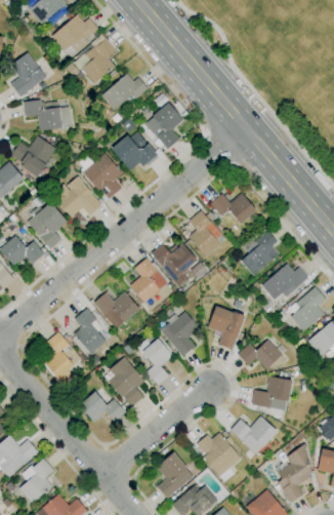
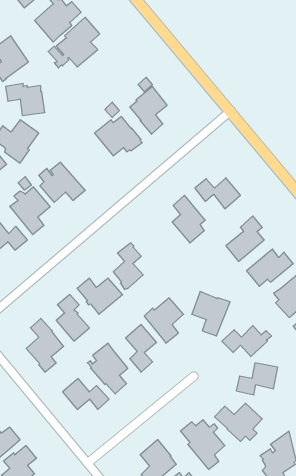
building: [101,74,149,111] -> none
building: [83,153,123,199] -> none
building: [152,243,207,288] -> none

